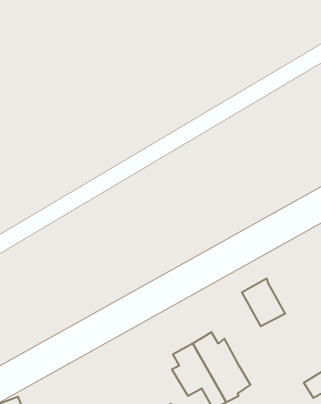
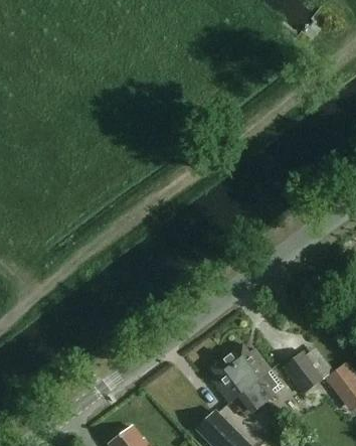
building: [242,279,285,326] -> [284,350,324,393]

